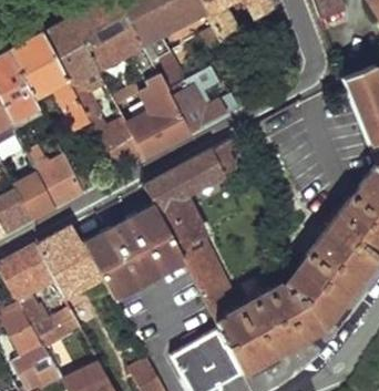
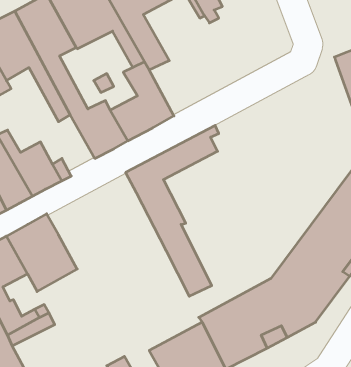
building: [170,81,243,133] -> none
building: [84,205,185,298] -> none

